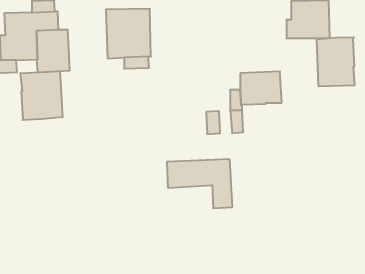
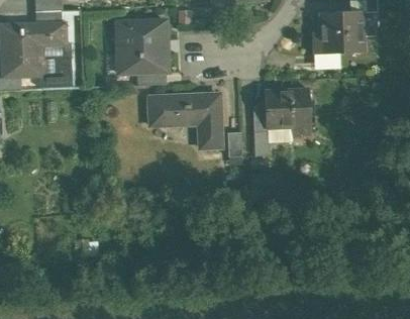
building: [317,37,355,86] -> none
building: [21,71,63,120] -> none
building: [167,159,232,208] -> [148,95,220,148]

